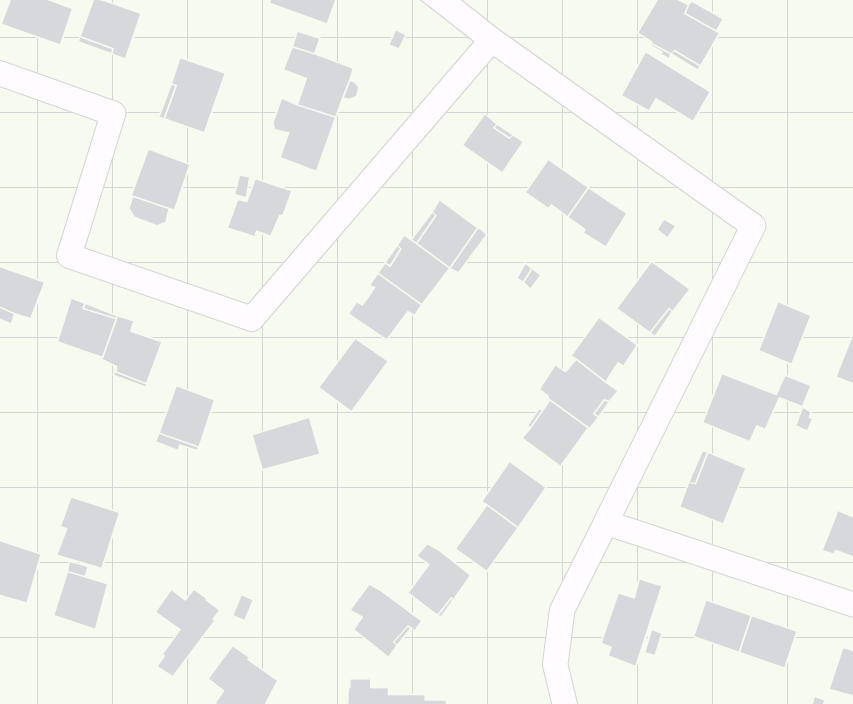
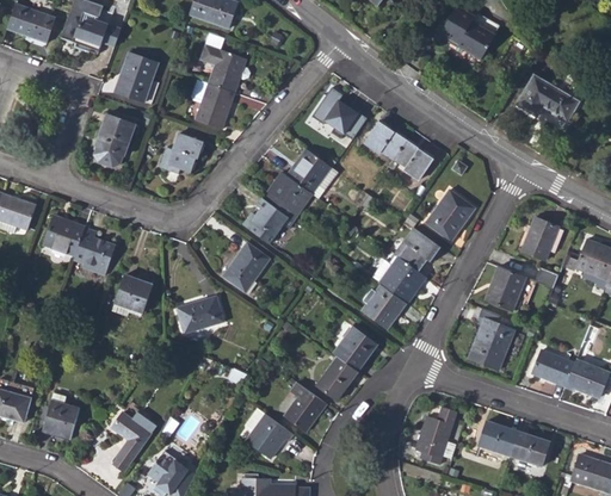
building: [621,52,711,122] -> [517,74,578,122]
building: none -> [531,349,574,386]
building: [57,497,120,569] -> none

